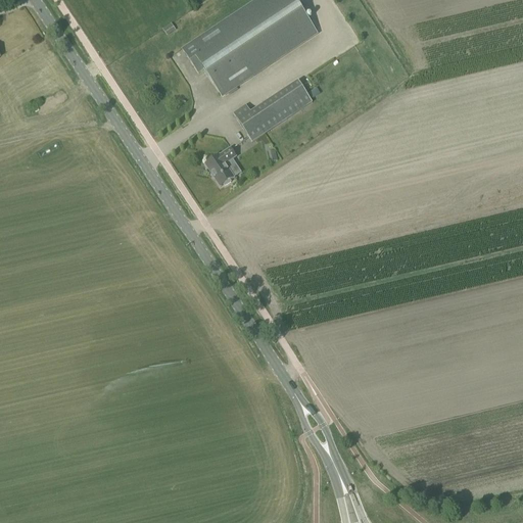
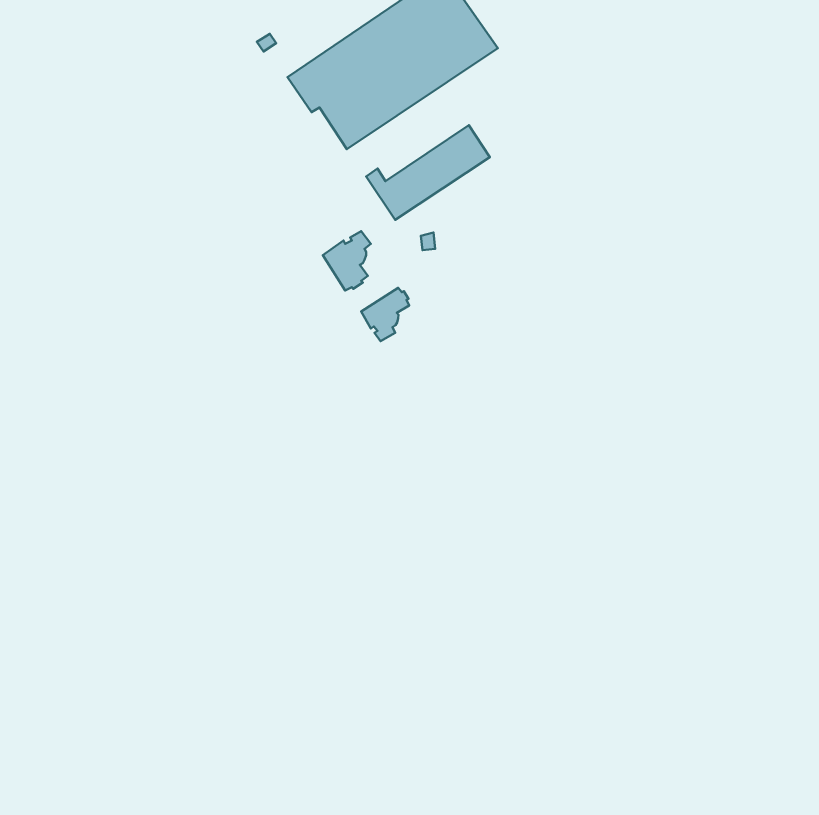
building: none -> [361,288,409,341]

